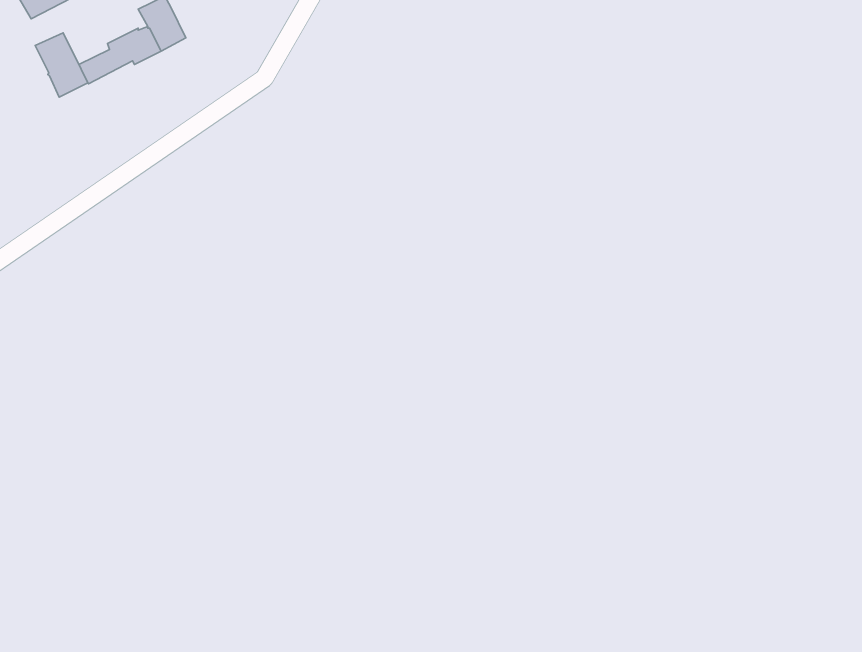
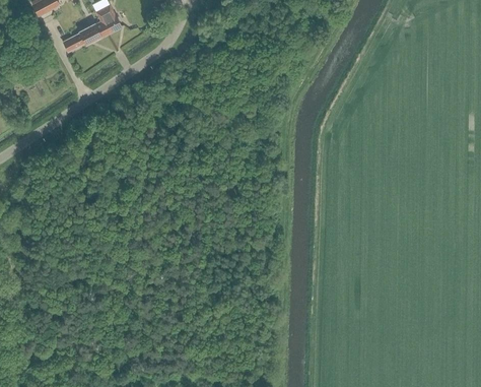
building: [35,33,88,97] -> none

